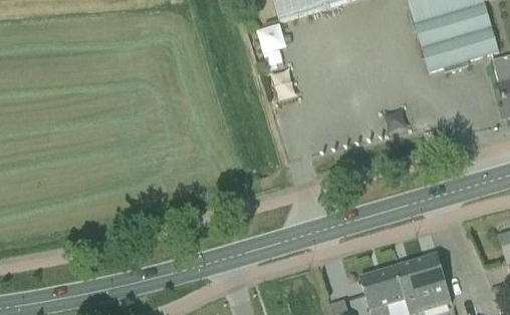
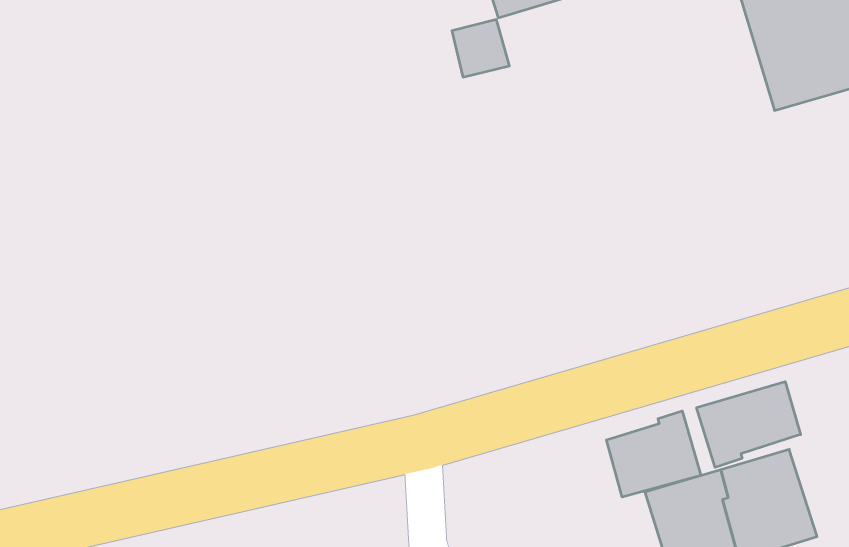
building: none -> [697,382,801,467]
building: none -> [606,411,701,497]

